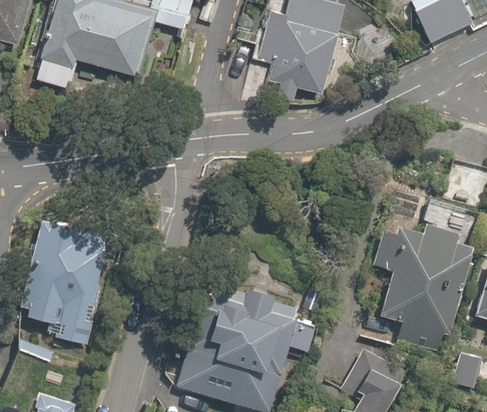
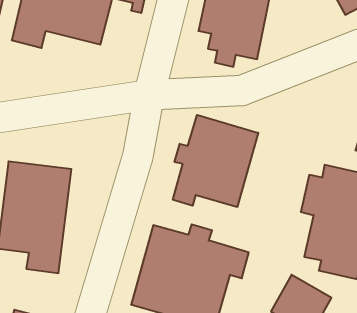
building: none -> [173,115,258,207]

